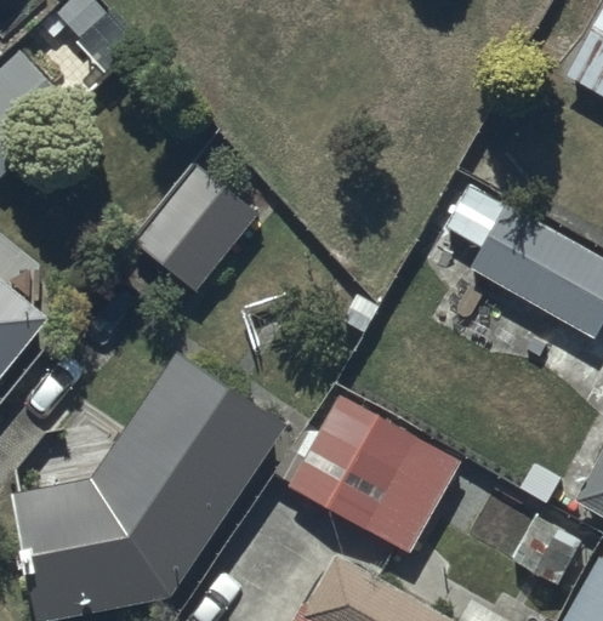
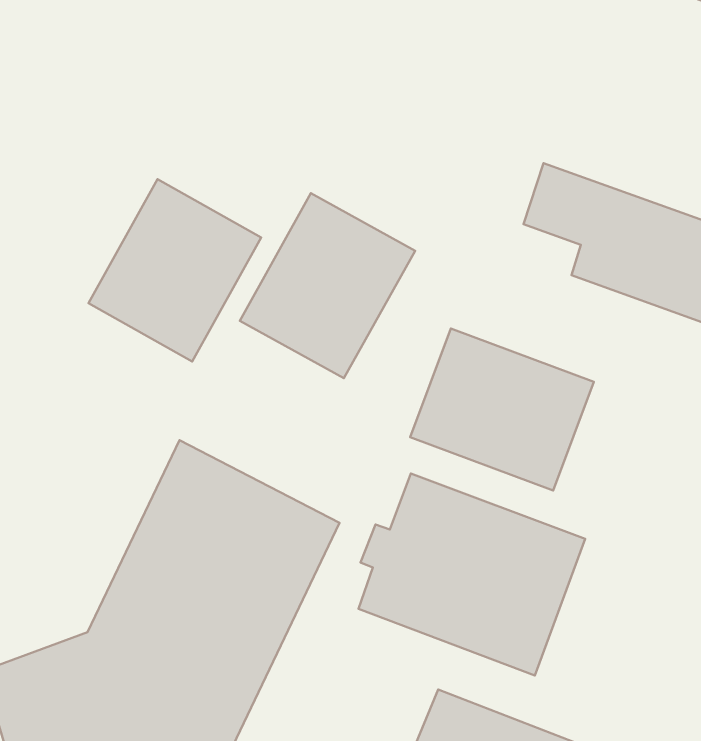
building: none -> [240,193,415,378]
building: none -> [410,329,594,490]

